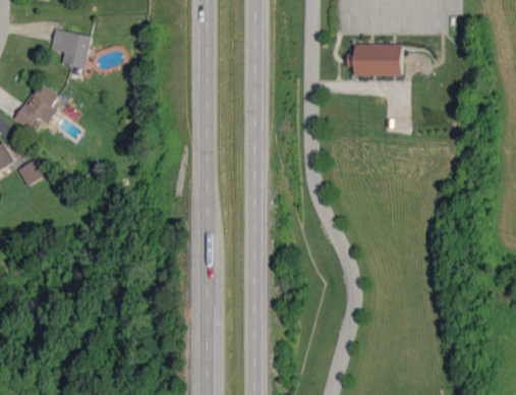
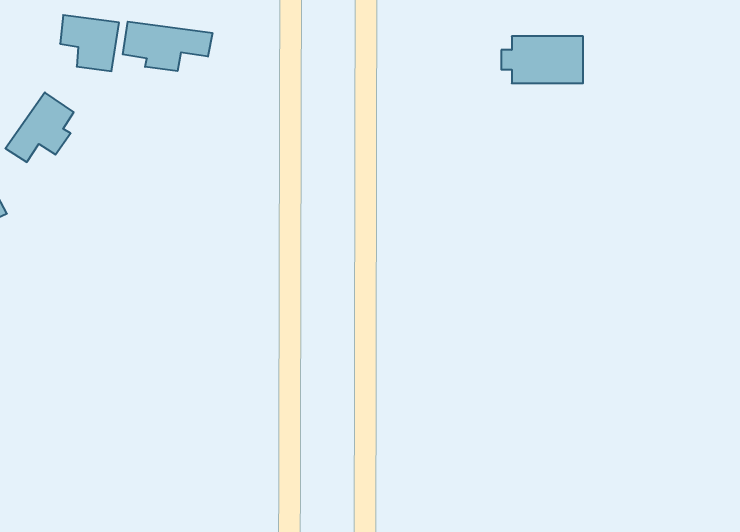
building: none -> [123,22,212,71]
building: [16,158,45,185] -> none

